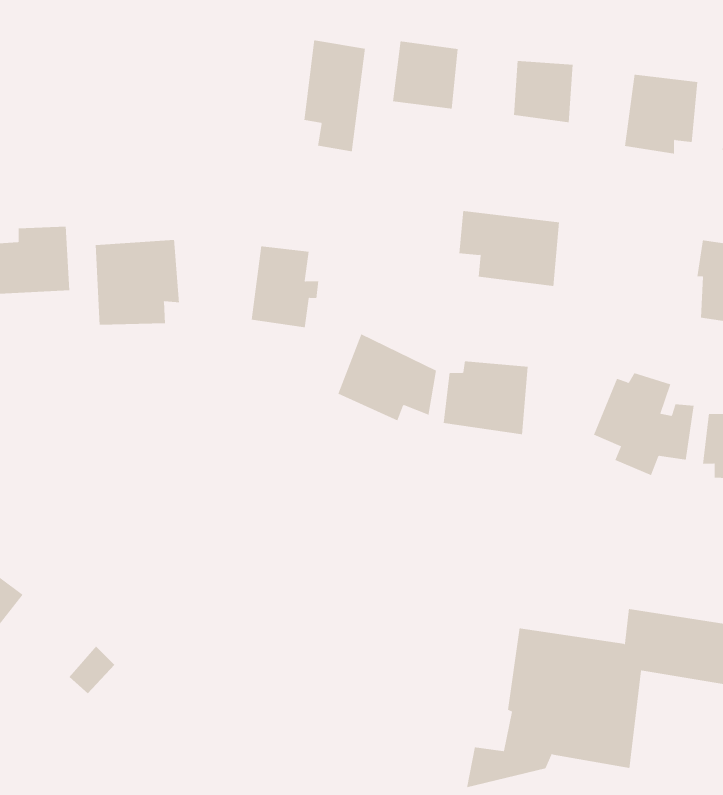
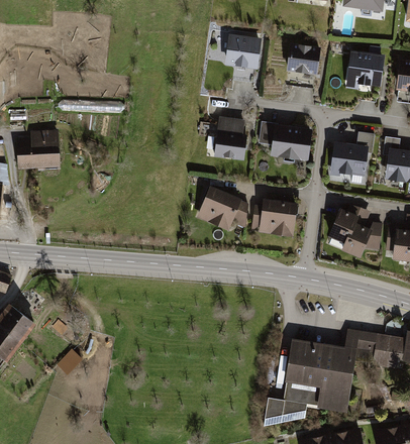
building: [304,40,366,152] -> none
building: none -> [330,133,375,177]
building: [95,239,179,325] -> none
building: [251,246,319,328] -> [214,118,249,160]

